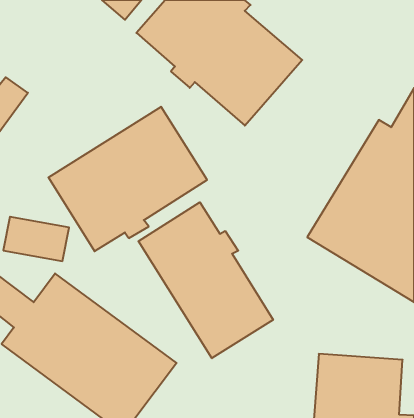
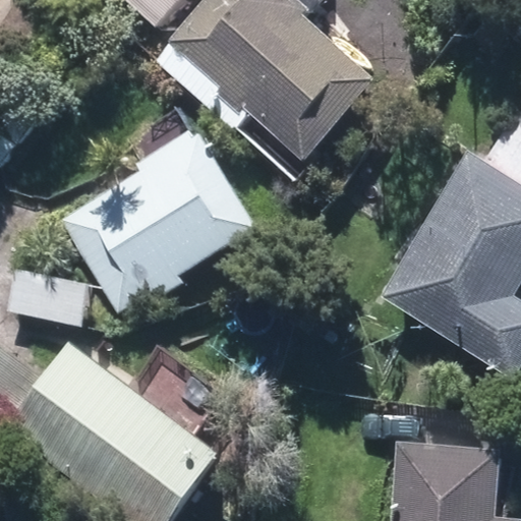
building: [138,202,273,358] -> none

